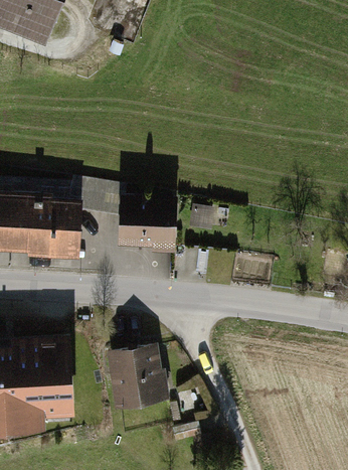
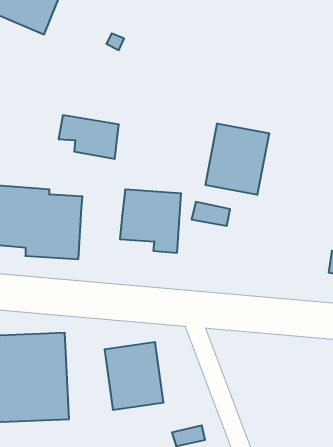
building: none -> [205,123,269,195]
building: [68,179,127,221] -> [59,115,119,159]

